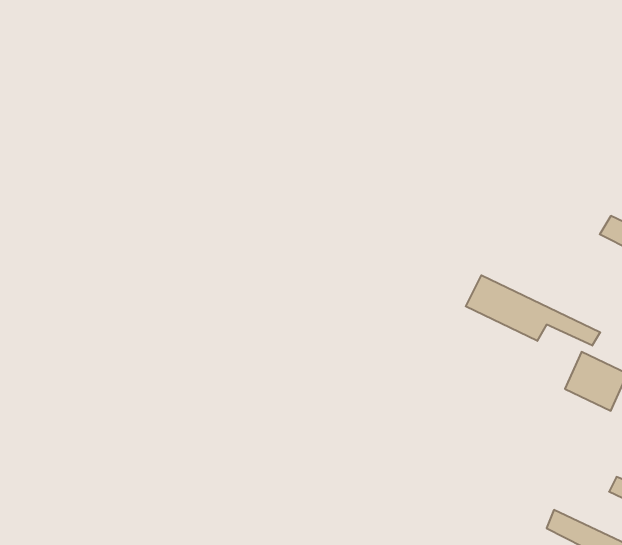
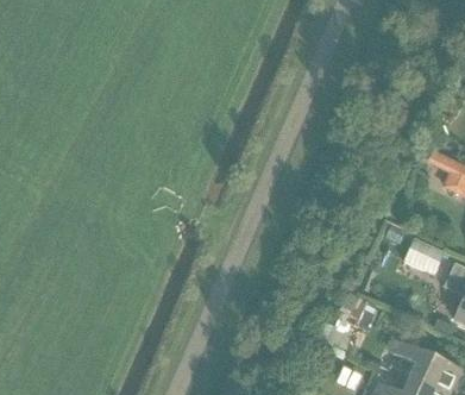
building: [466,275,600,346] -> none

